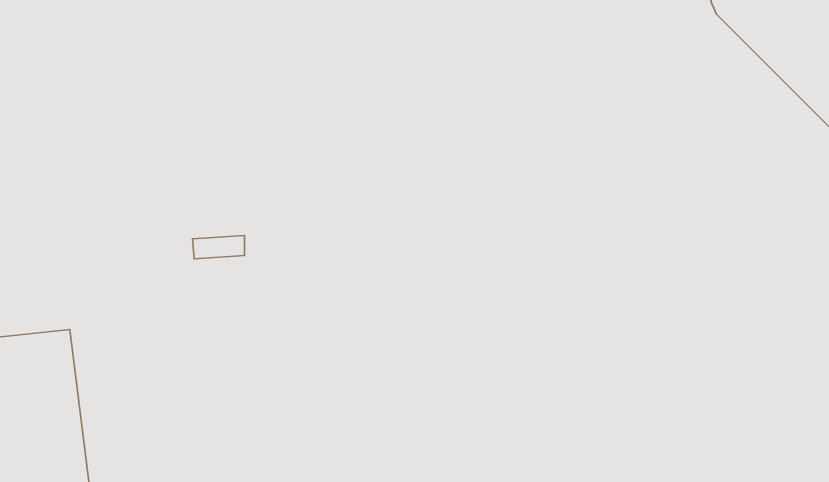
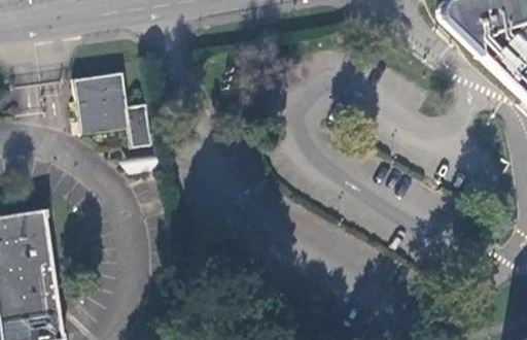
building: none -> [75,73,151,147]

